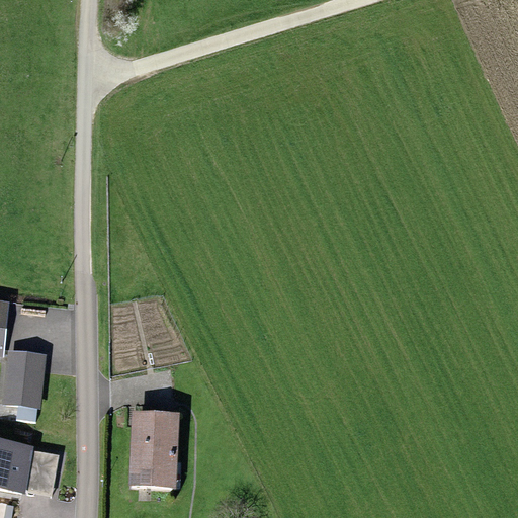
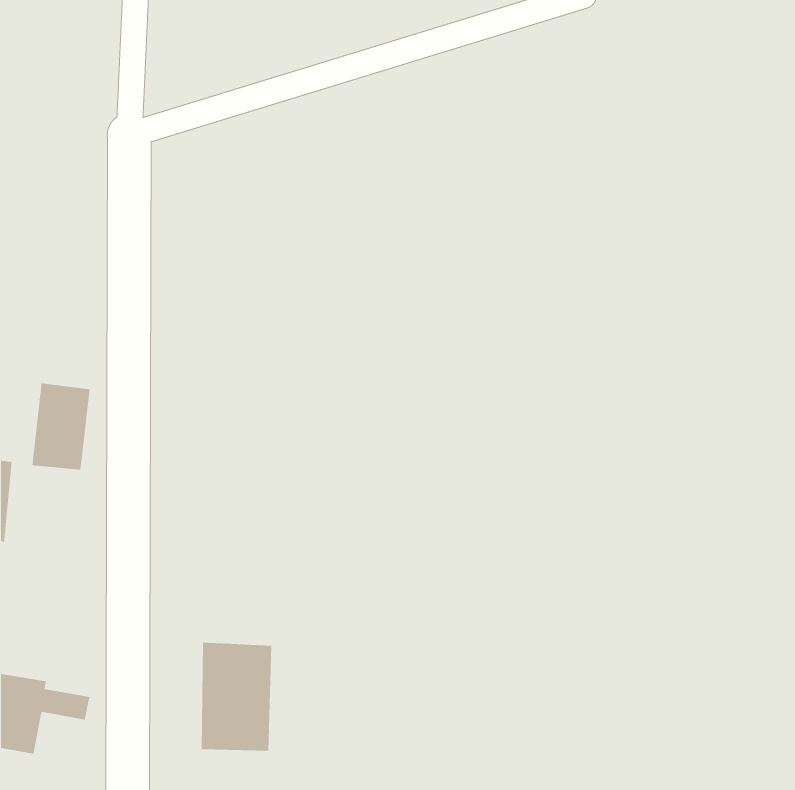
building: [4,350,42,407] -> [31,383,91,470]
building: [22,463,56,496] -> none

